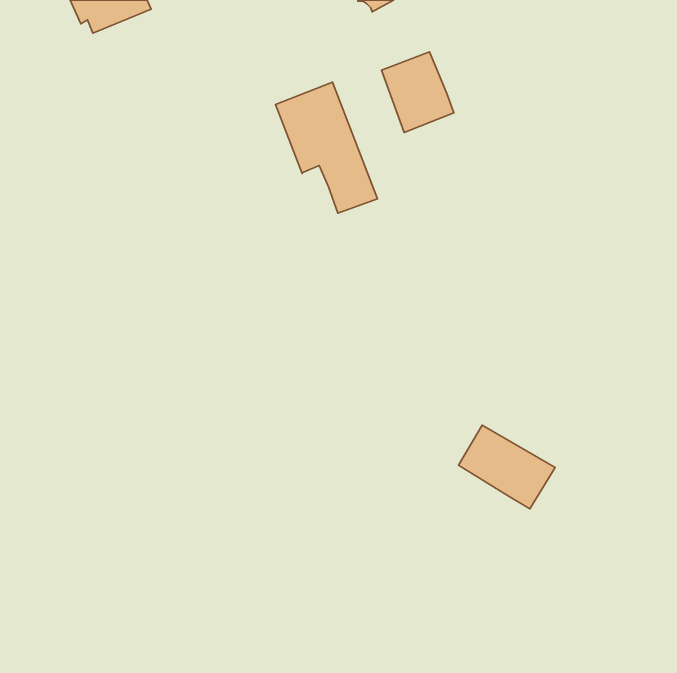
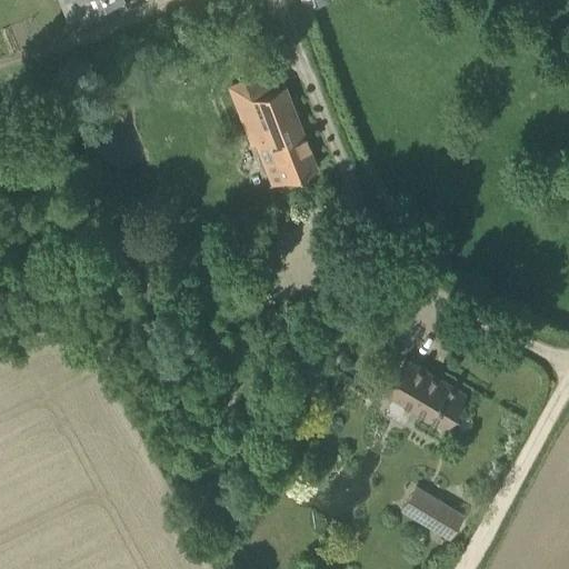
building: [382,52,454,132] -> none
building: none -> [402,493,460,540]

